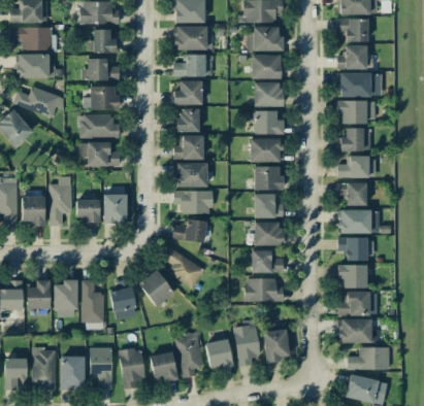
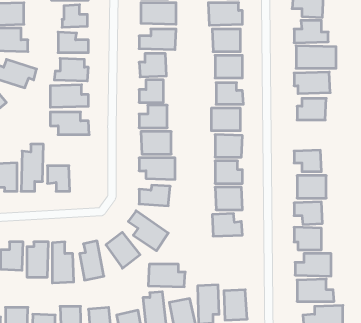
building: [337,156,376,177] -> none
building: [103,194,127,224] -> none
building: [244,278,284,302] -> [148,264,185,287]

